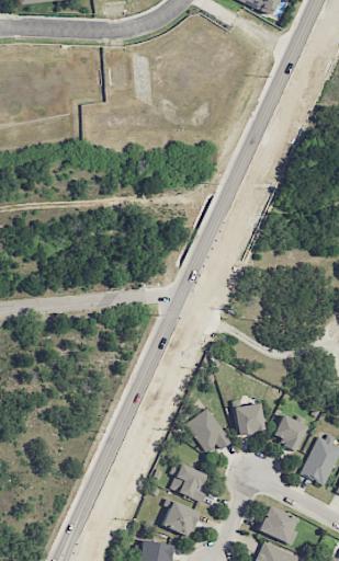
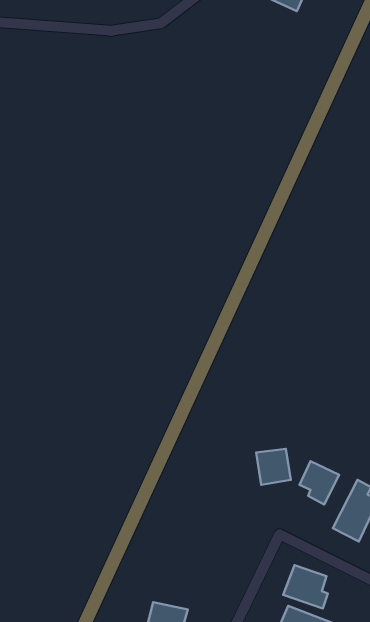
building: [187,408,231,453] -> none
building: [170,462,208,503] -> none
building: [162,500,197,536] -> none

